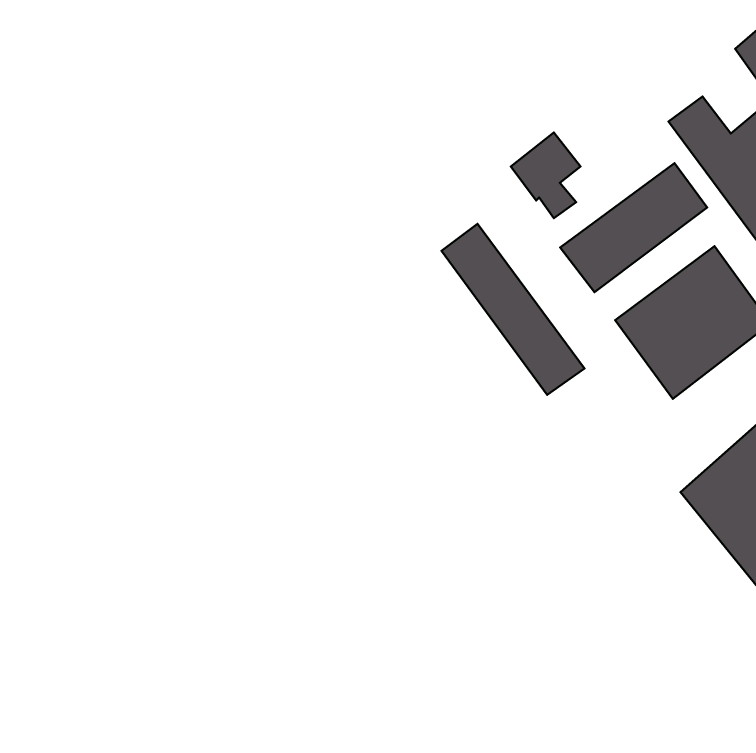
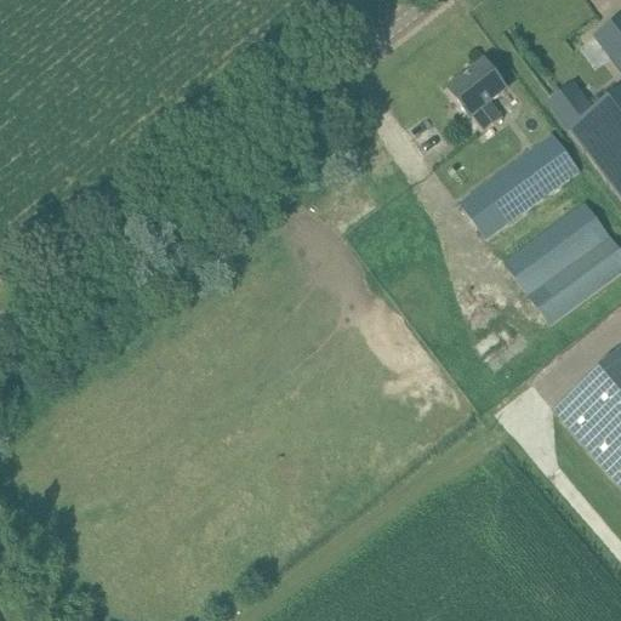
building: [511,132,581,218] -> [450,59,507,130]
building: [441,224,585,395] -> none

